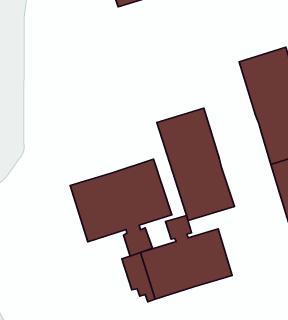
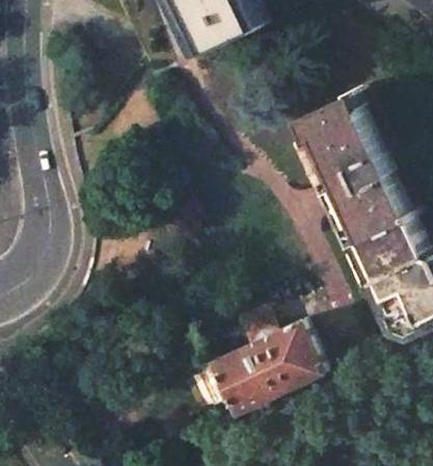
building: [157,108,234,220] -> none
building: [70,159,172,256] -> none

